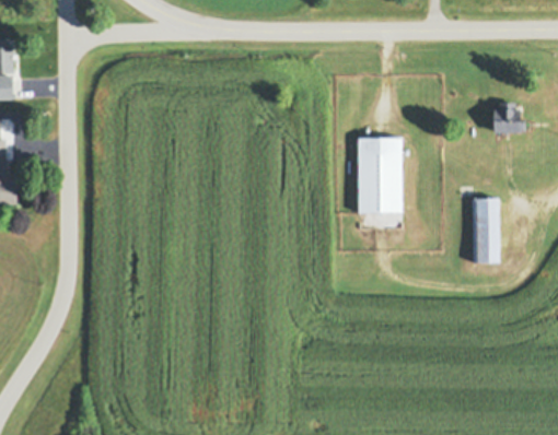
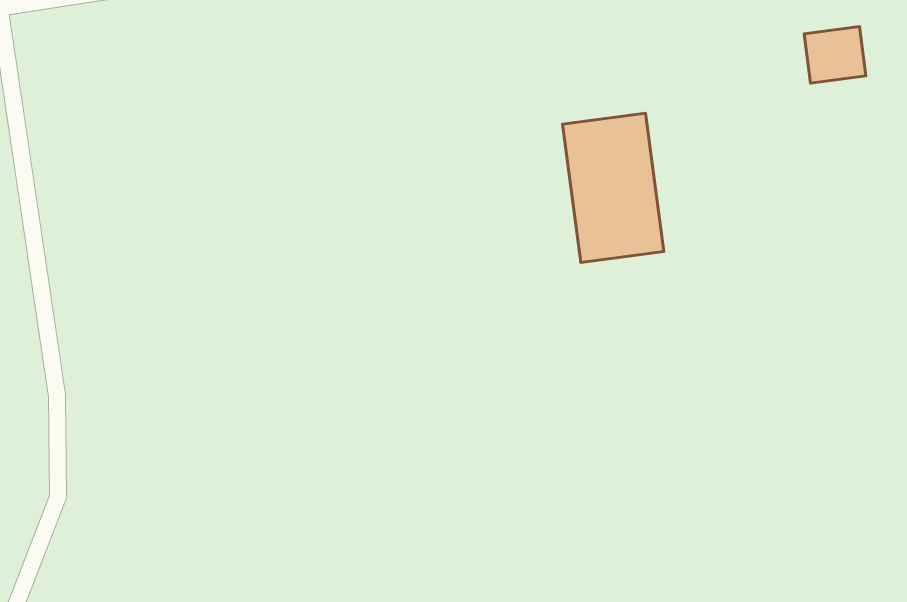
building: [468,199,500,263] -> none

